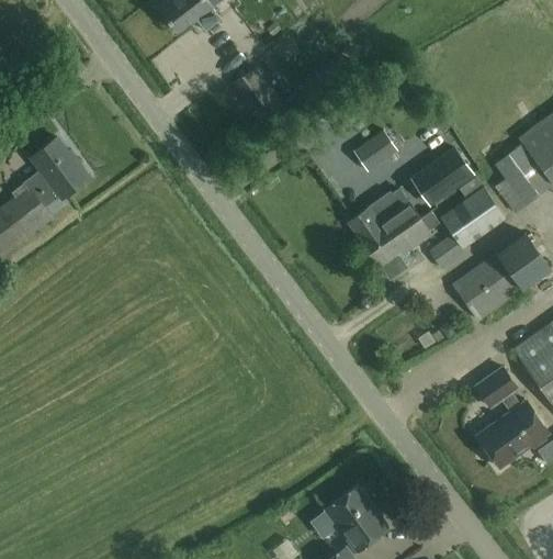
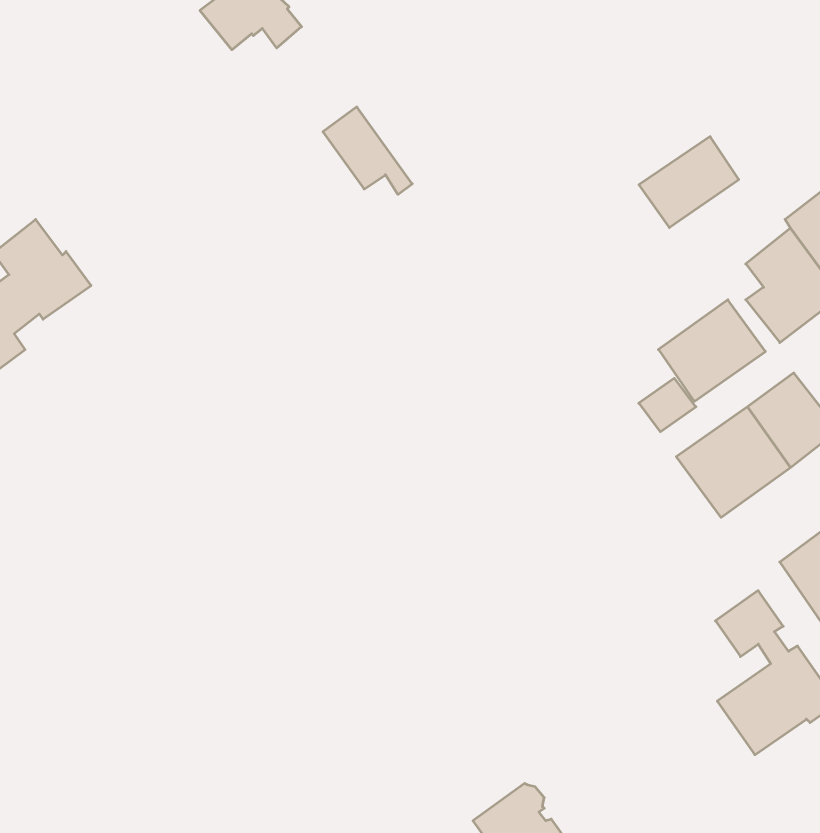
building: [352,128,398,171] -> none
building: [411,148,473,204] -> [639,137,739,228]
building: [348,189,439,278] -> none

